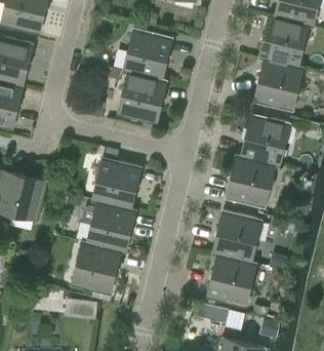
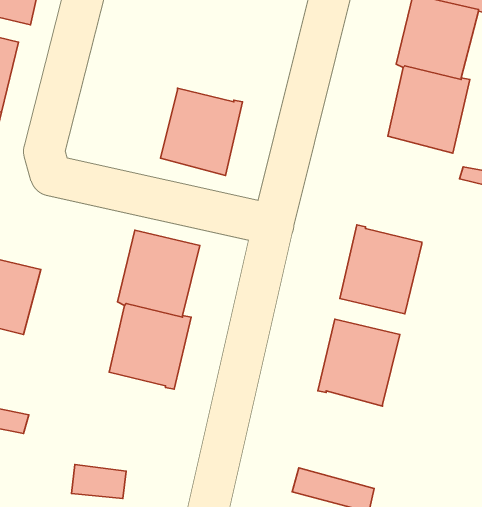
building: [122,29,171,81] -> none
building: [240,115,289,167] -> none
building: [71,242,120,295] -> none
building: [206,255,255,307] -> none

